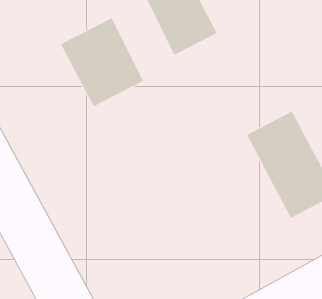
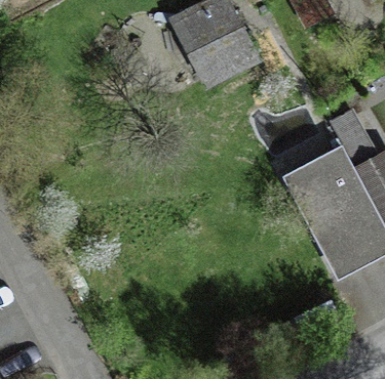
building: [60,18,144,107] -> none

